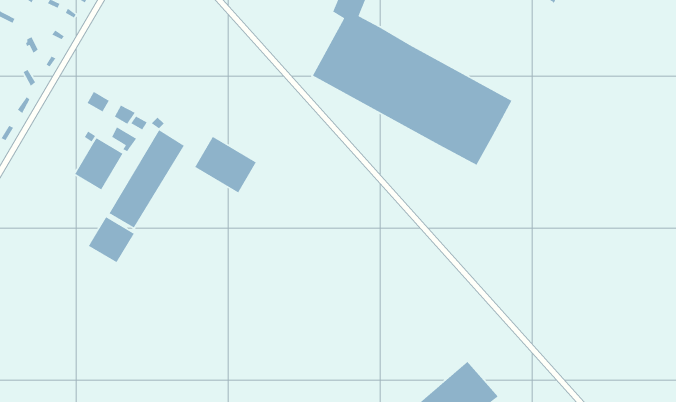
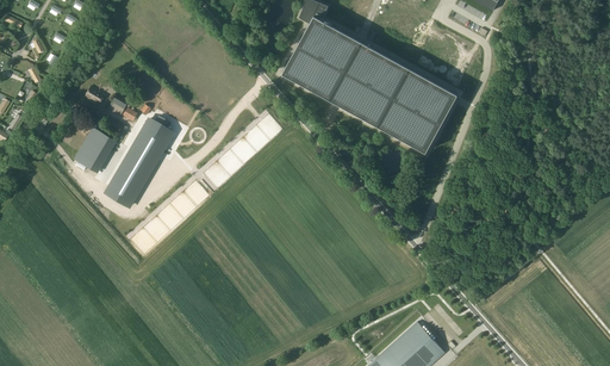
building: [194,136,257,193] -> none
building: [88,216,135,263] -> none

